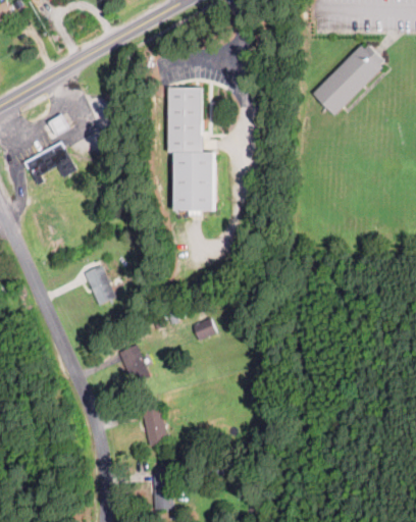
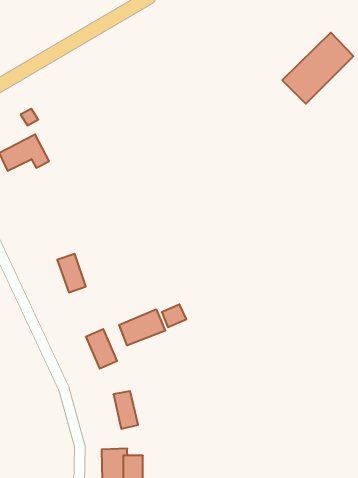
building: [165,85,212,208] -> none
building: none -> [119,309,165,345]

